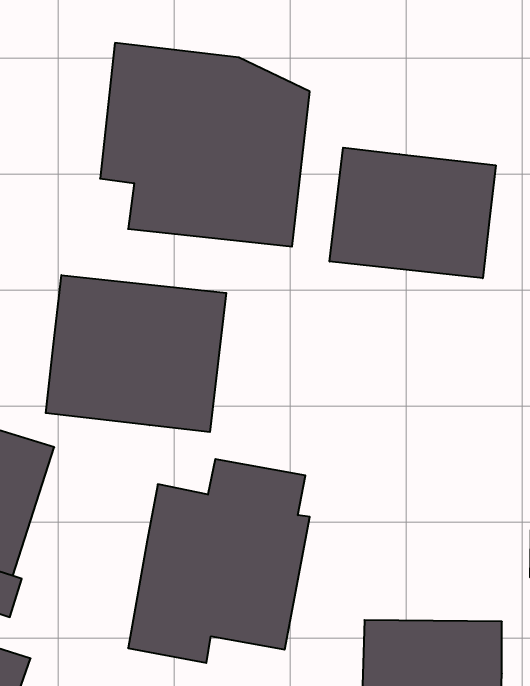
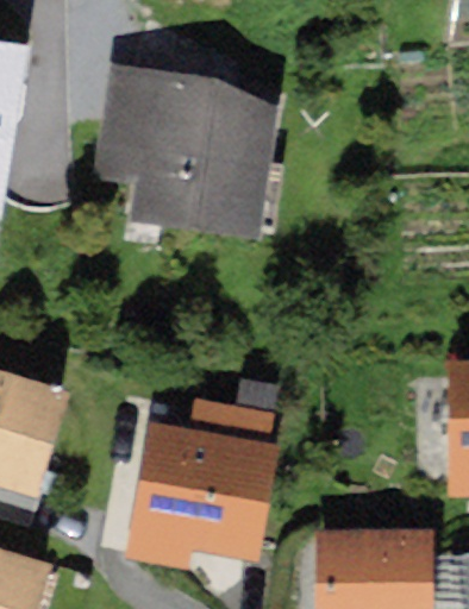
building: [330,148,496,278] -> none
building: [46,275,226,432] -> none

